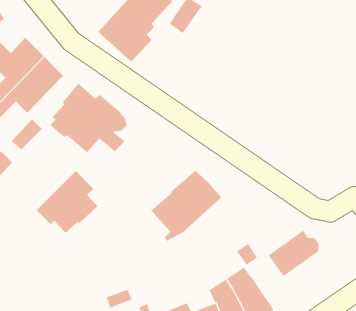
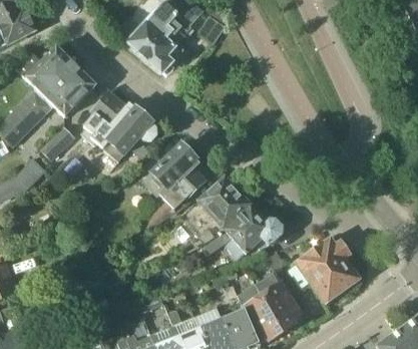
building: [36,170,98,234] -> [141,142,202,205]
building: none -> [188,204,281,257]
building: none -> [310,257,355,303]

